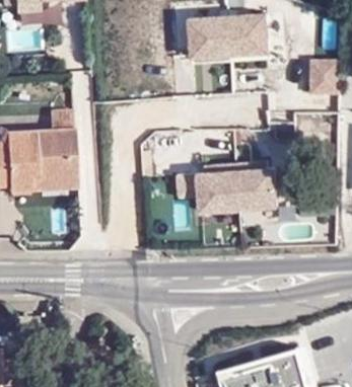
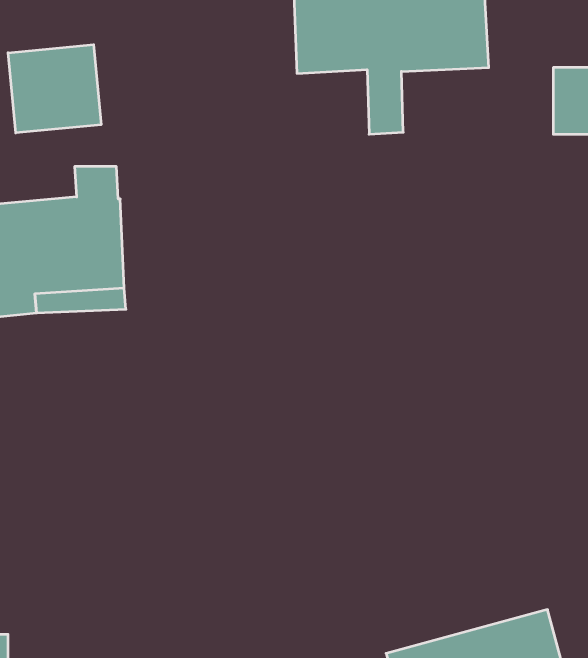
building: none -> [8,45,101,133]
building: [197,162,280,211] -> none

